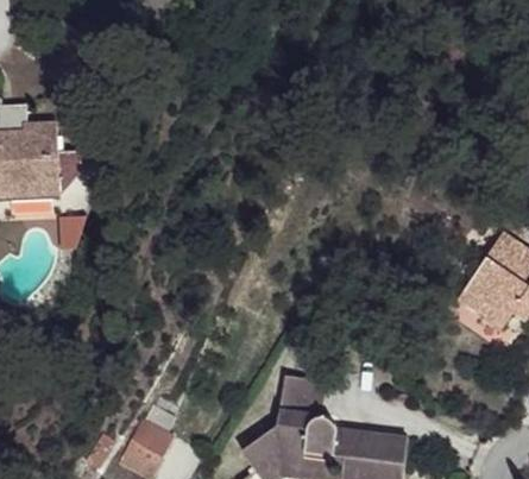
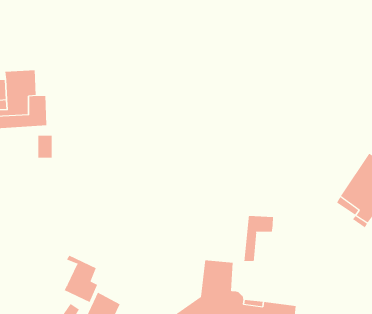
building: none -> [244,215,273,262]
building: none -> [64,255,98,303]

